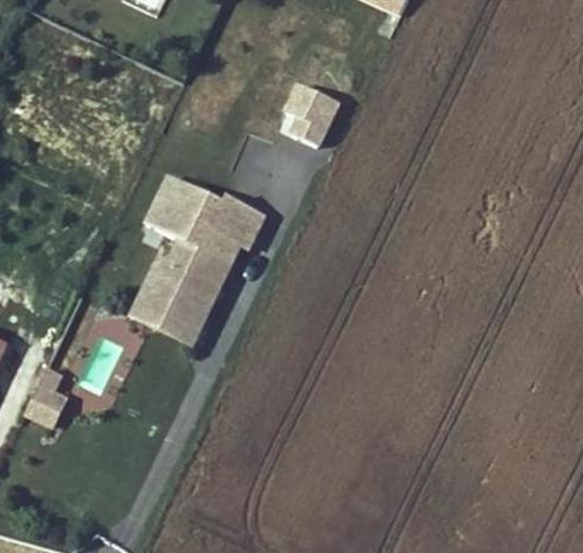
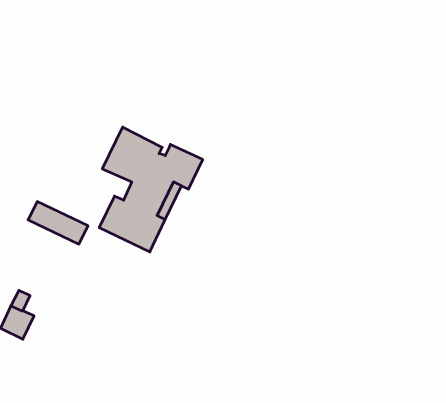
building: [282,82,331,142] -> none
building: [131,293,202,343] -> [28,202,88,244]

